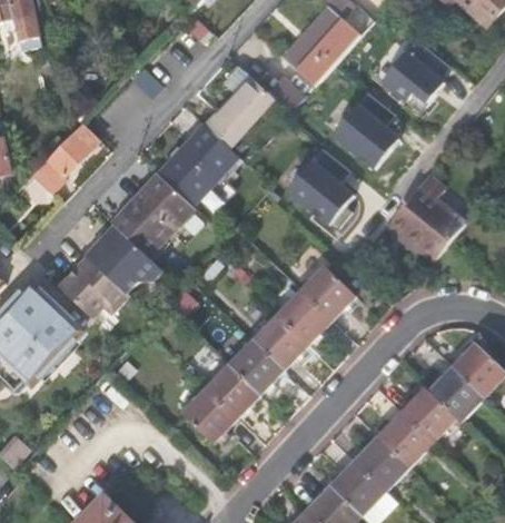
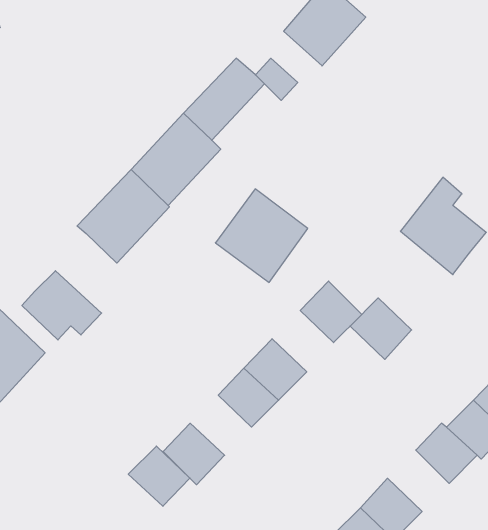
building: [378,47,447,111] -> none
building: [330,88,400,169] -> none
building: [46,124,98,177] -> none
building: [285,145,365,226] -> [215,189,308,282]
building: [86,226,160,293] -> none
building: [276,293,329,346] -> [350,298,412,359]
building: [205,366,258,418] -> [128,446,190,506]
building: [376,414,429,467] -> none

